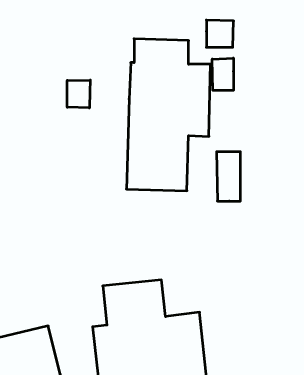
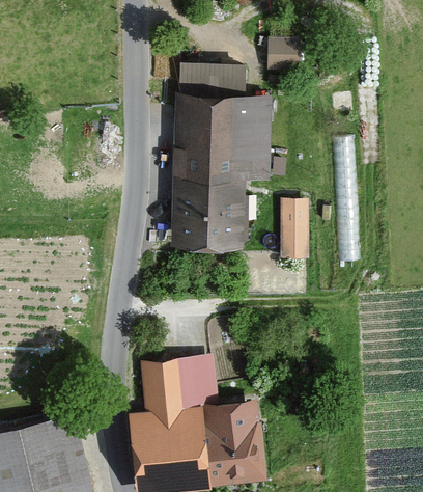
building: [212,58,233,90] -> none
building: [67,80,90,108] -> none

